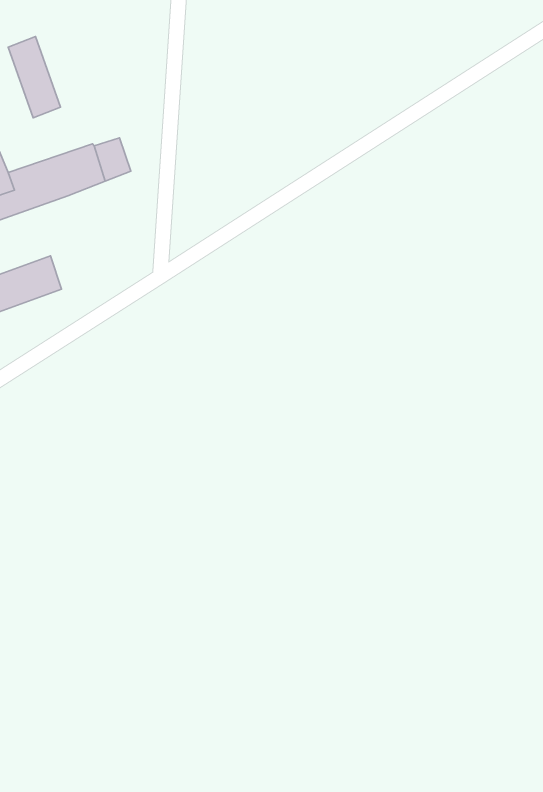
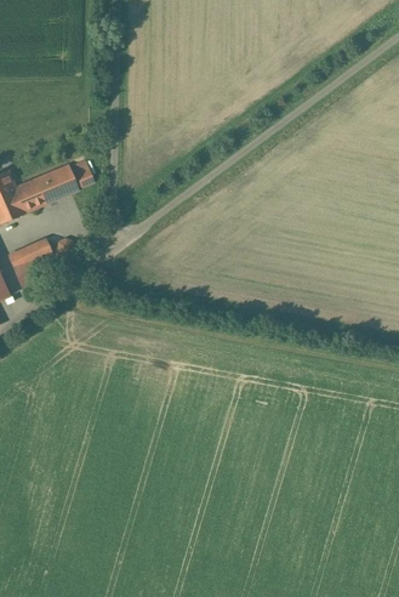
building: [8,37,61,118] -> none

